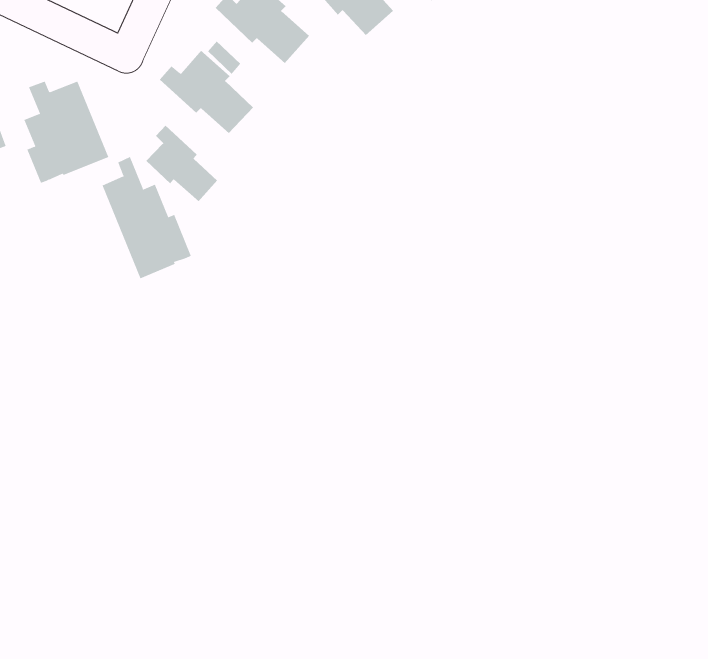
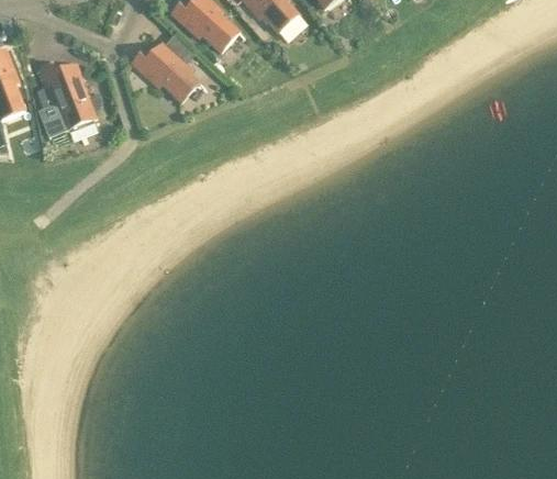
building: [145,125,218,202] -> none
building: [102,156,192,279] -> none

